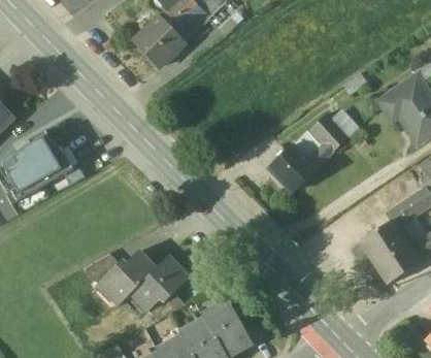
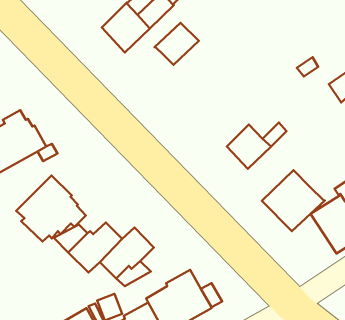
building: none -> [154,23,199,65]
building: [309,115,346,153] -> none
building: none -> [262,170,325,231]
building: none -> [16,175,86,242]

